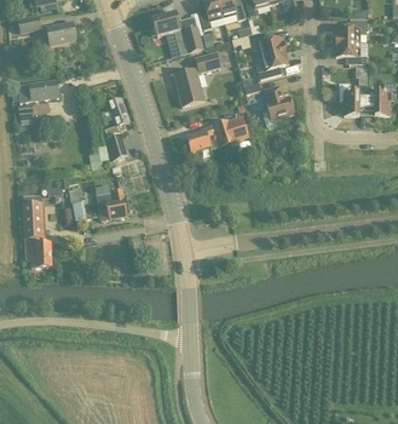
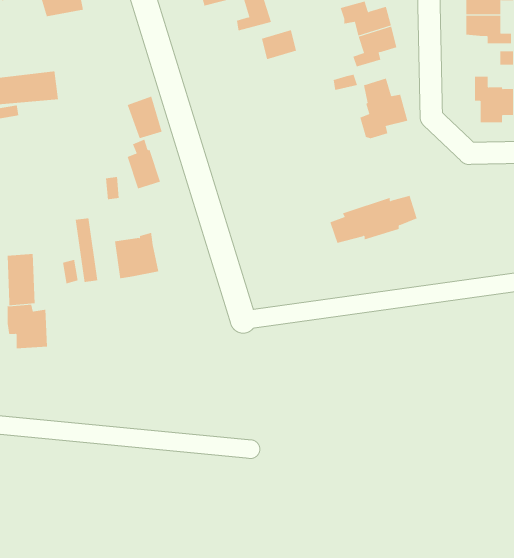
building: [174,69,204,107] -> none
building: [188,119,247,151] -> [330,195,417,244]

